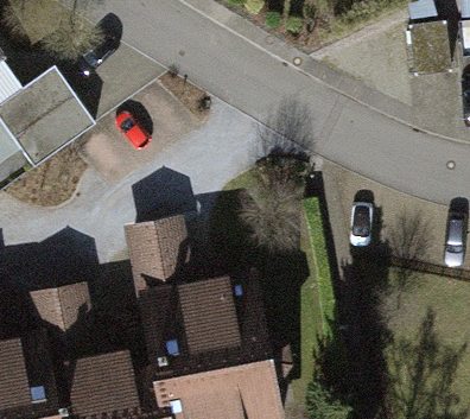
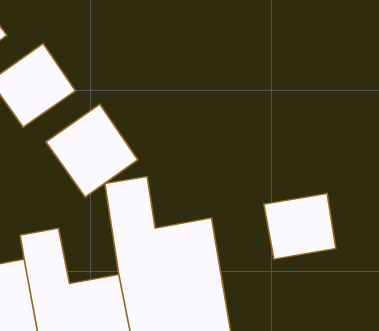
building: none -> [46,104,138,197]
building: none -> [264,193,336,259]

